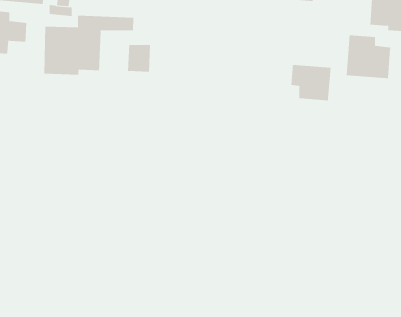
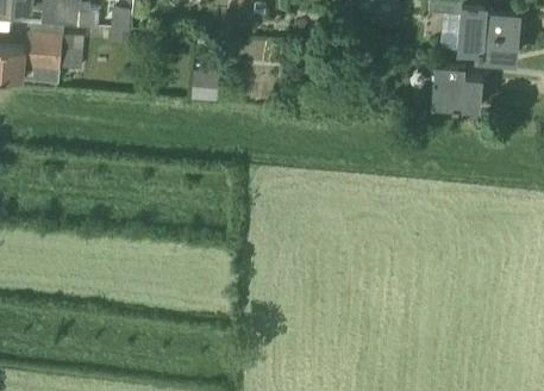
building: [44,15,134,76] -> none
building: [291,64,331,102] -> none

